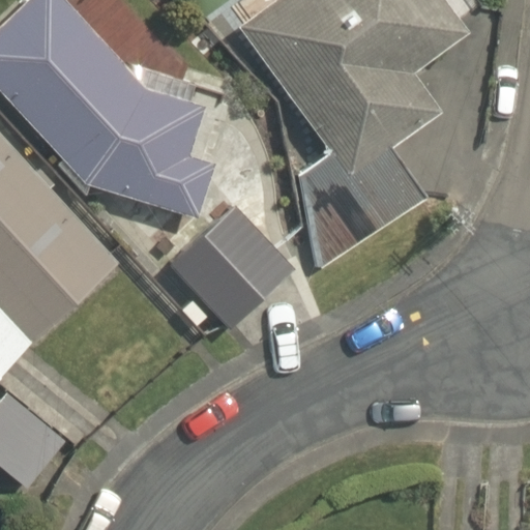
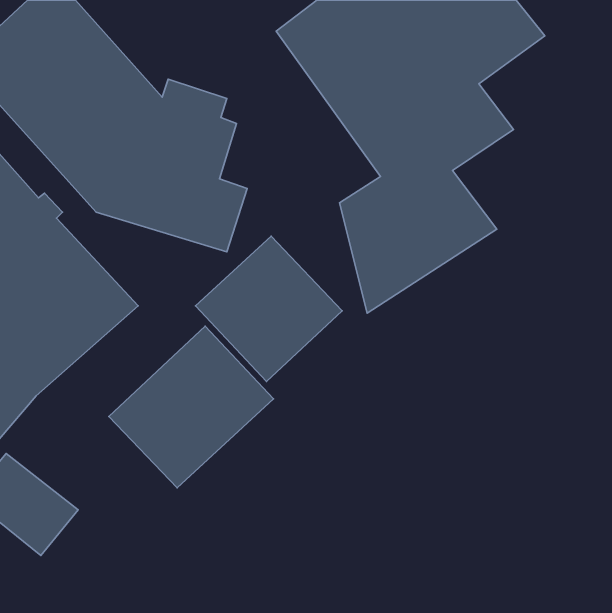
building: none -> [109,326,273,488]

